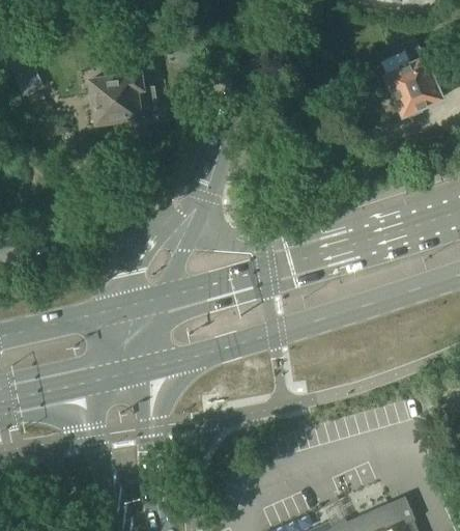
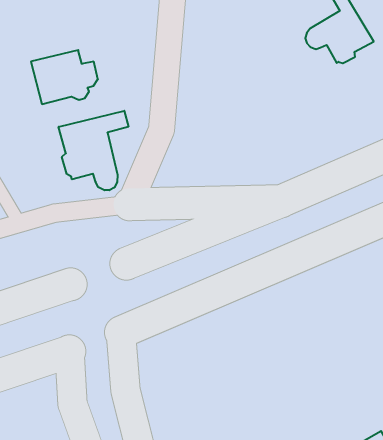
building: none -> [59,111,128,190]

